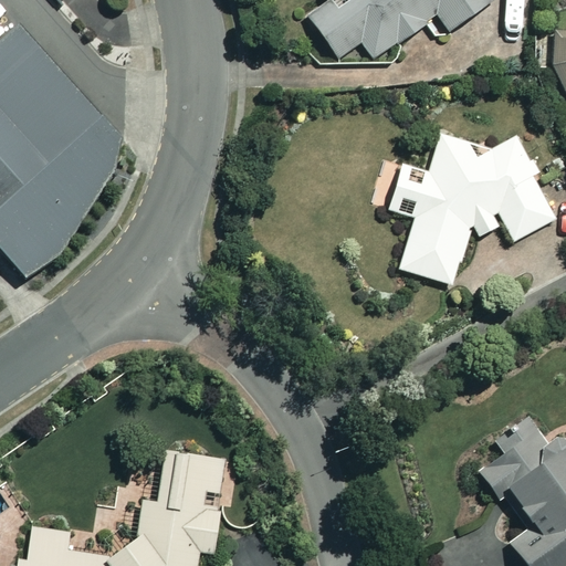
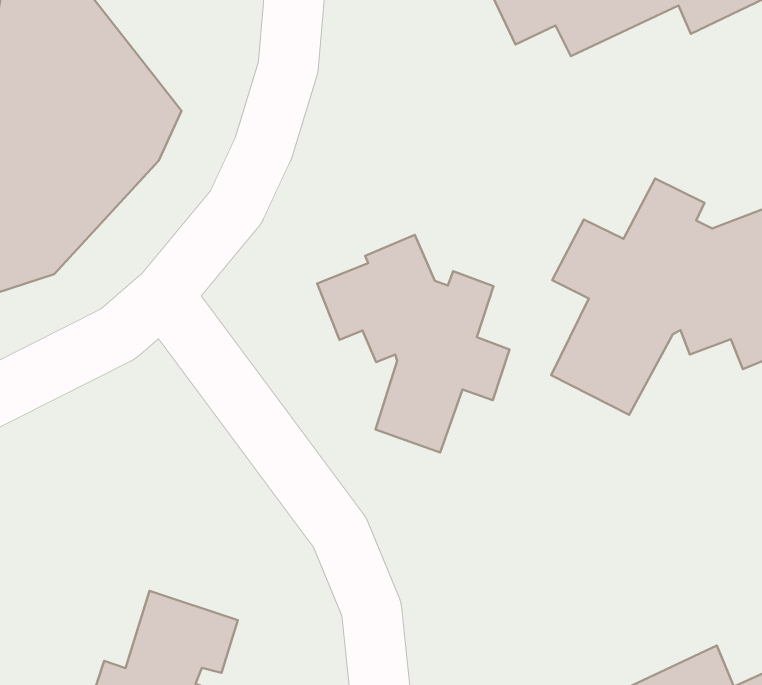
building: none -> [317,235,509,453]

